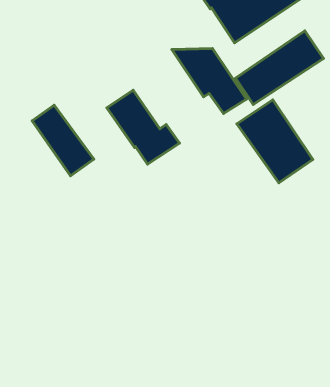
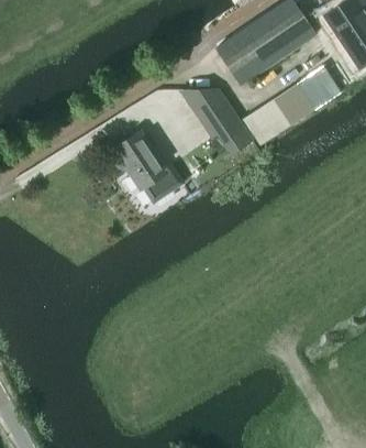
building: [237,100,313,183] -> none
building: [32,105,94,176] -> none

